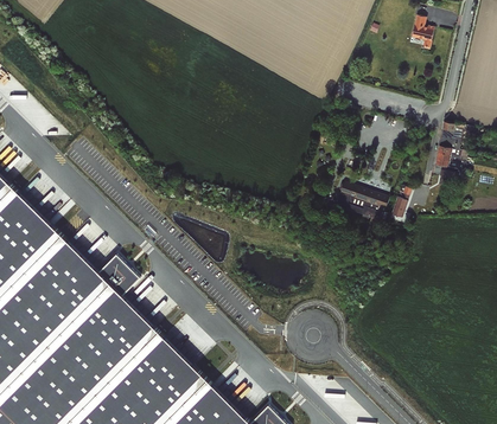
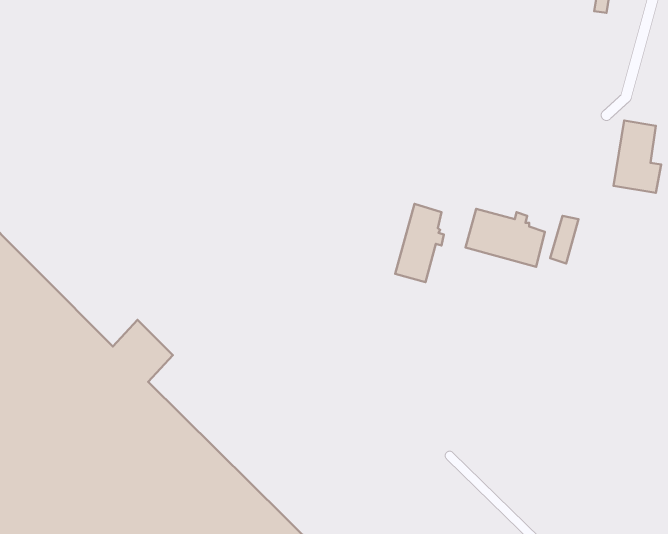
building: none -> [395,204,444,282]

